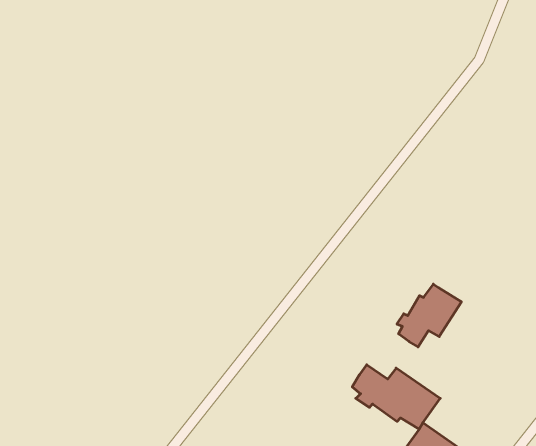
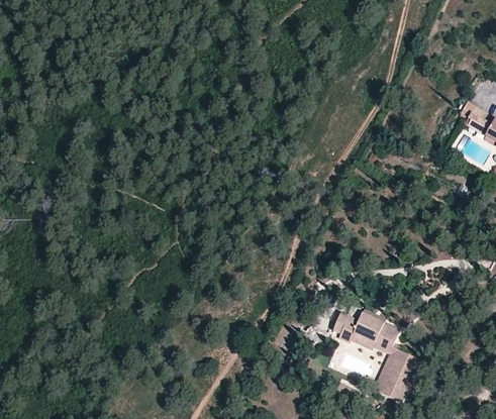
building: [397,284,461,347] -> none

